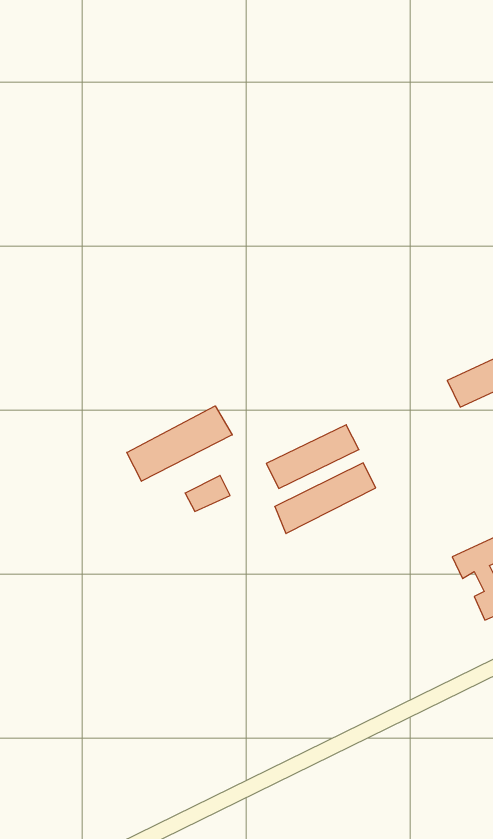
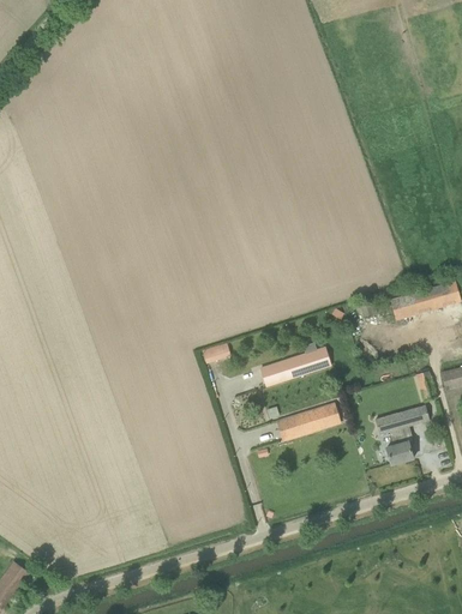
building: [127,406,232,481] -> none
building: [266,425,359,488] -> [277,403,341,439]

